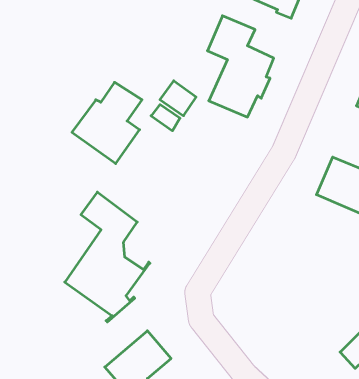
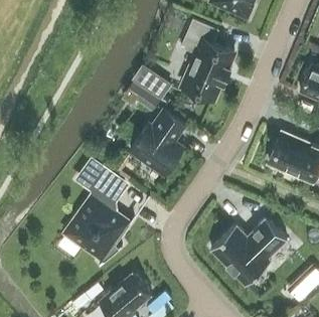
building: [72,82,142,164] -> [129,111,185,176]
building: none -> [210,218,286,286]

